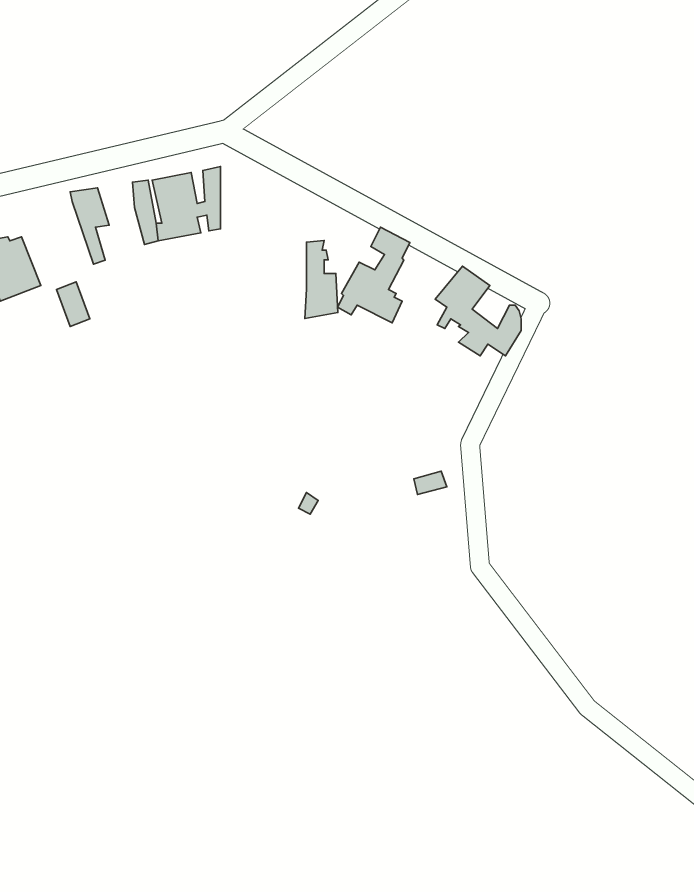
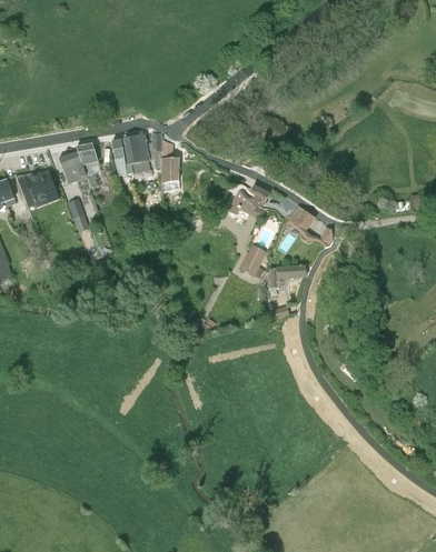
building: none -> [58,151,89,191]
building: [305,240,338,318] -> [160,139,179,183]
building: none -> [237,245,266,279]
building: none -> [266,265,305,289]

